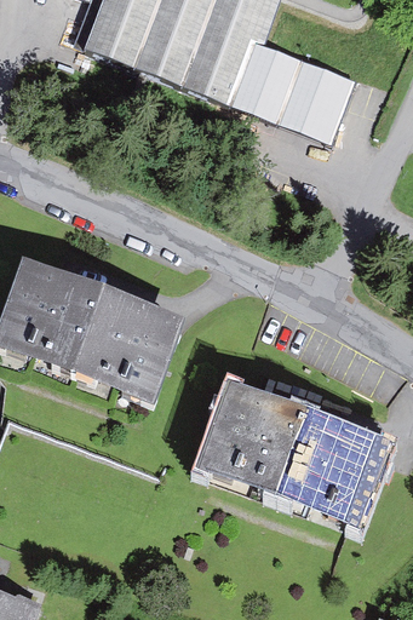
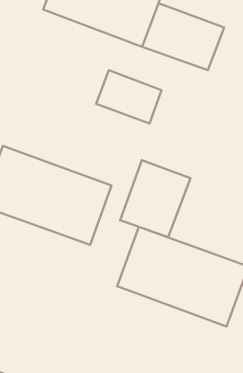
building: none -> [96,70,161,124]
building: none -> [120,160,191,237]

